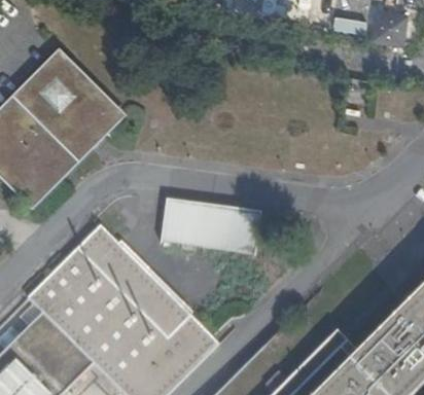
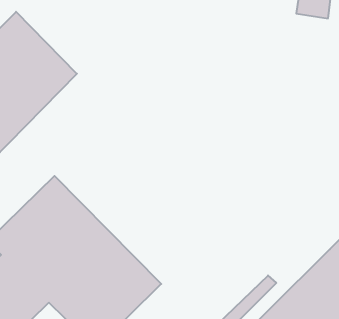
building: [157,209,259,261] -> none

